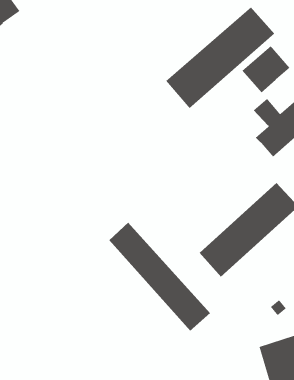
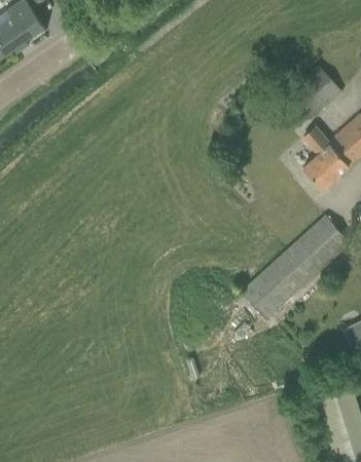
building: [165,6,275,109] -> none
building: [109,222,211,331] -> none

